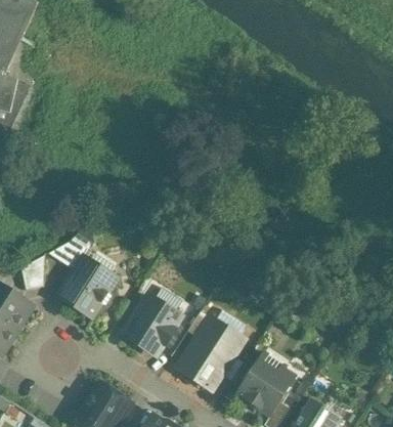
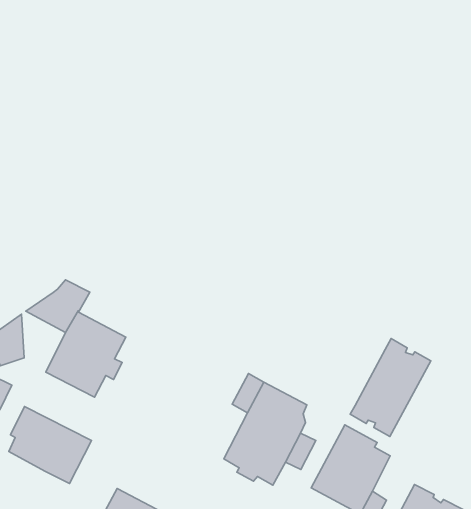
building: none -> [350,339,431,437]
building: [125,296,180,354] -> none
building: none -> [9,406,91,484]

